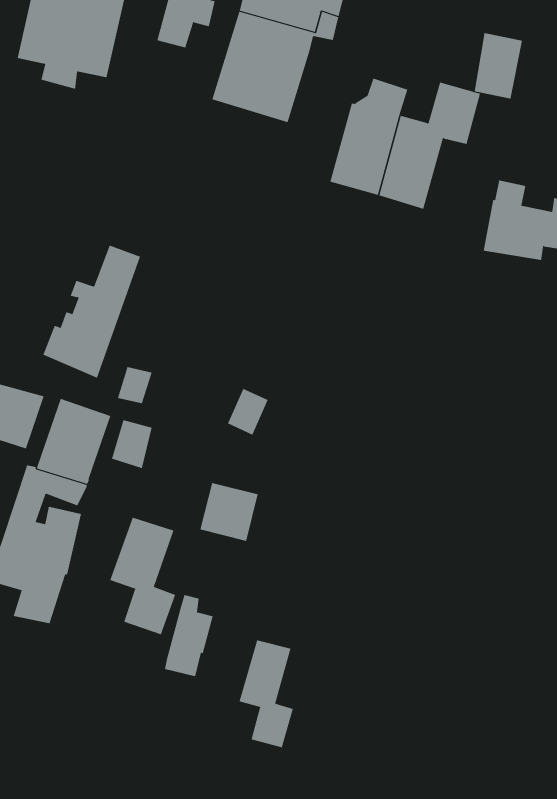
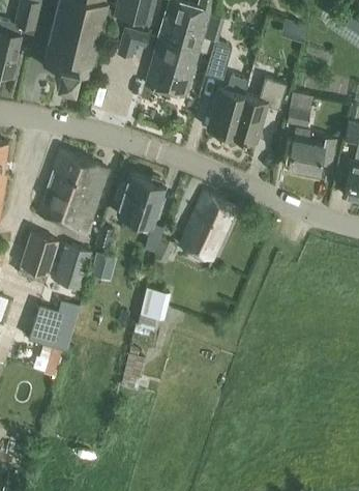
building: none -> [205,44,232,80]
building: [474,33,523,99] -> [287,92,312,127]
building: none -> [38,149,91,221]
building: none -> [117,173,166,226]
building: none -> [179,193,236,261]
building: [109,517,176,635] -> none
building: [239,639,293,748] -> none

